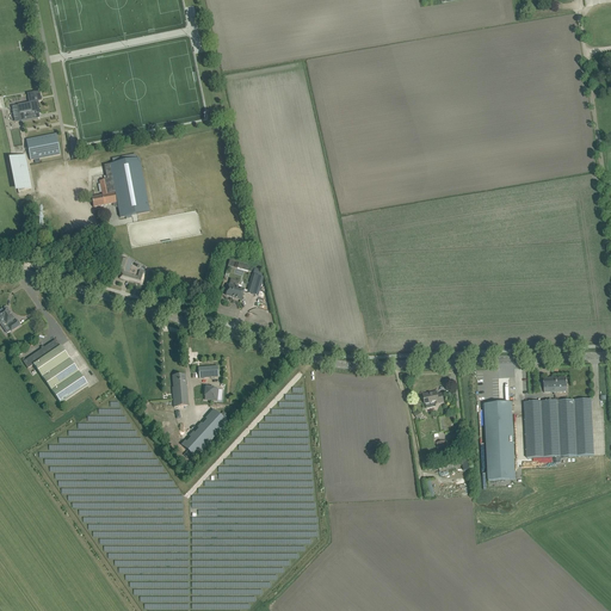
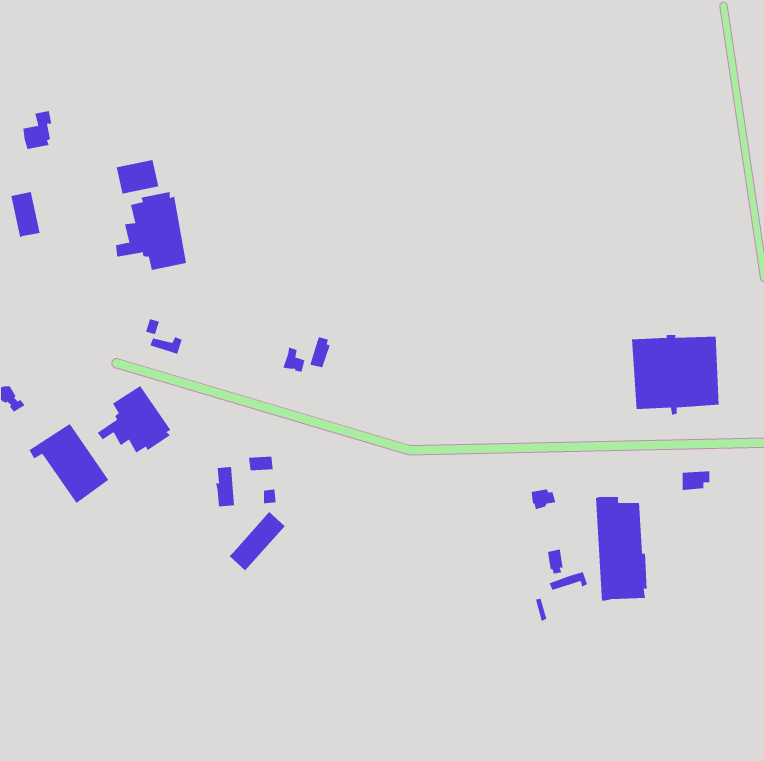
building: [26,131,61,159] -> [116,160,159,194]
building: none -> [97,385,171,453]
building: [524,397,594,462] -> [631,335,719,415]

